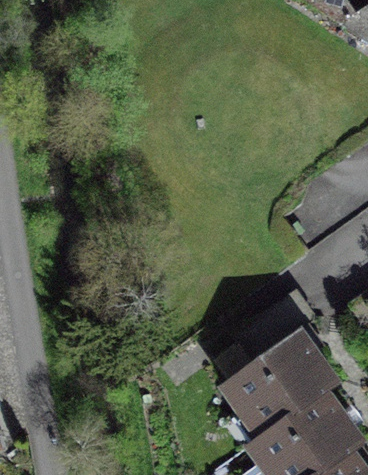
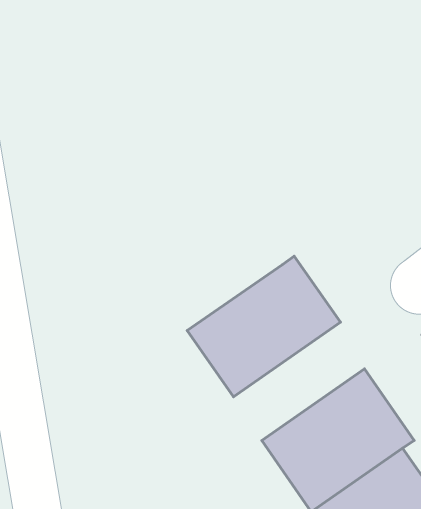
building: none -> [187,256,340,397]

